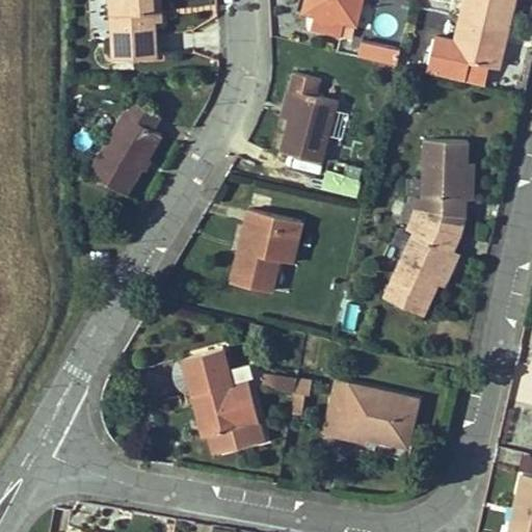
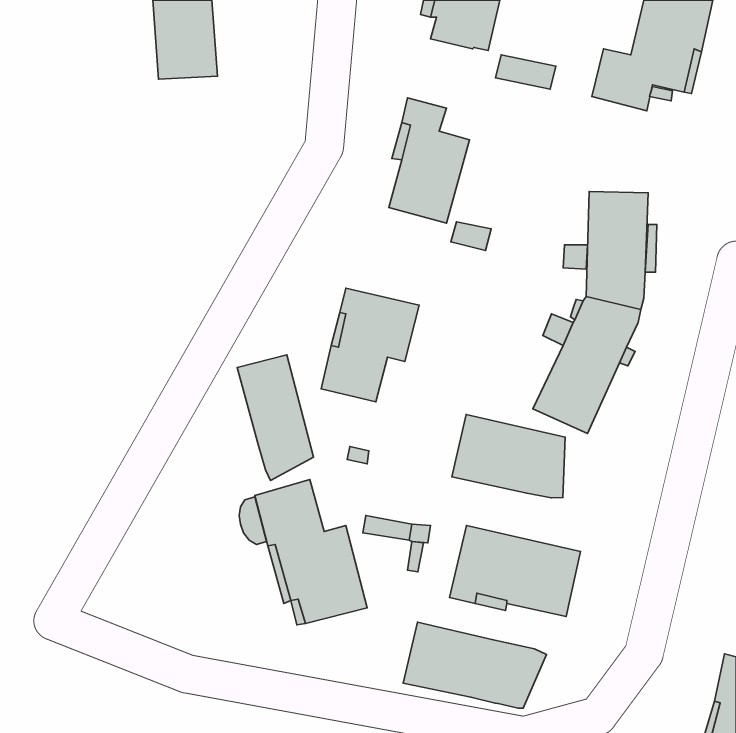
building: [89,100,161,195] -> none
building: none -> [237,355,314,480]
building: none -> [452,415,565,498]
building: none -> [403,622,546,708]

